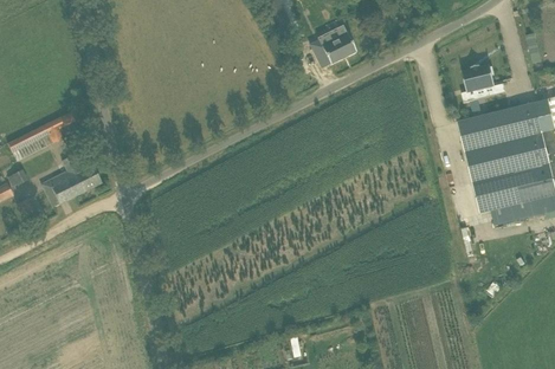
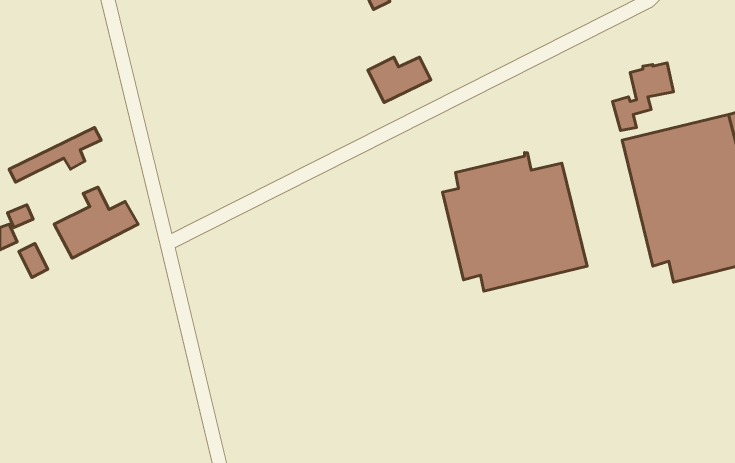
building: [310,33,356,66] -> [368,57,431,102]
building: none -> [443,153,587,291]

